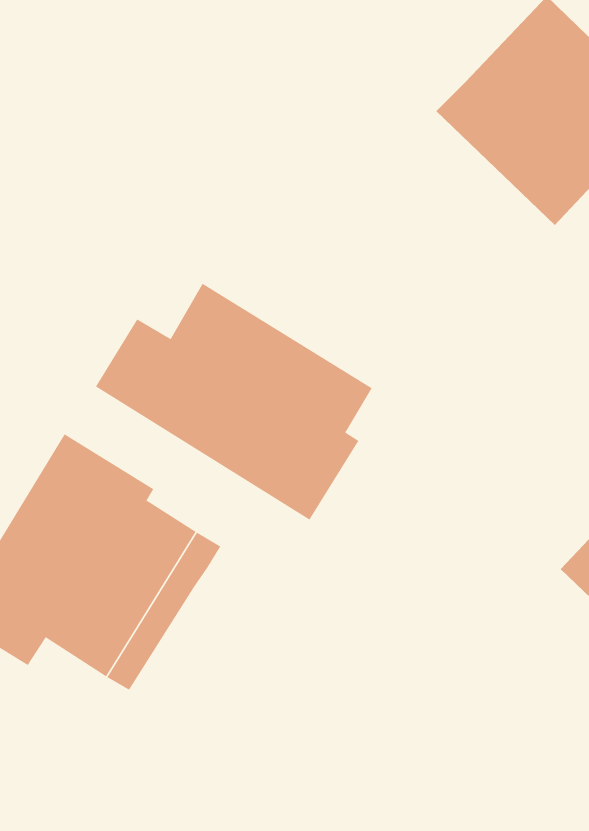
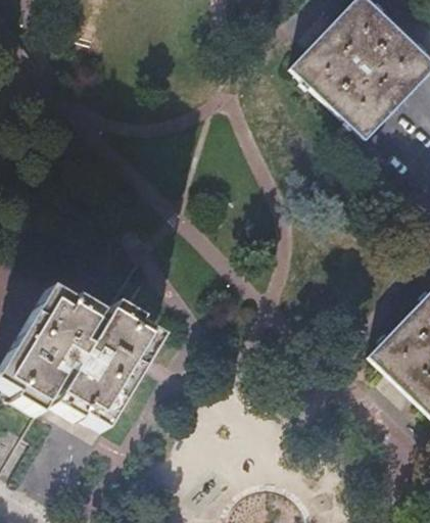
building: [95,283,373,521] -> none

